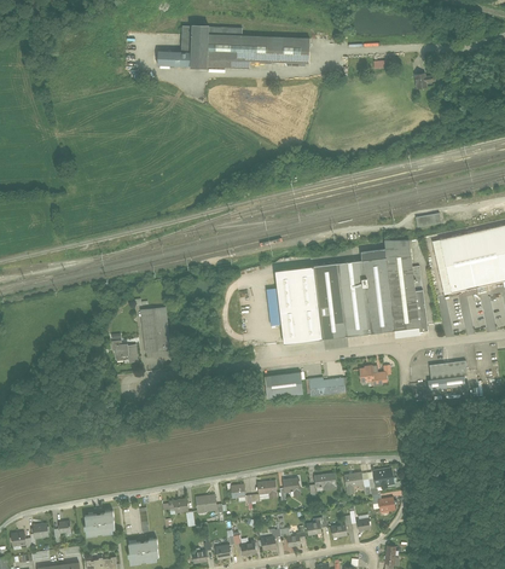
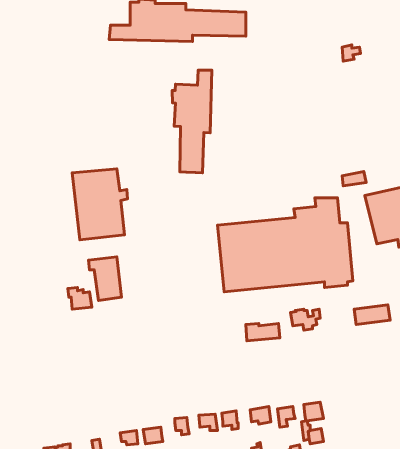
building: none -> [172,70,212,173]
building: none -> [72,169,128,240]
building: [266,375,303,400] -> none

